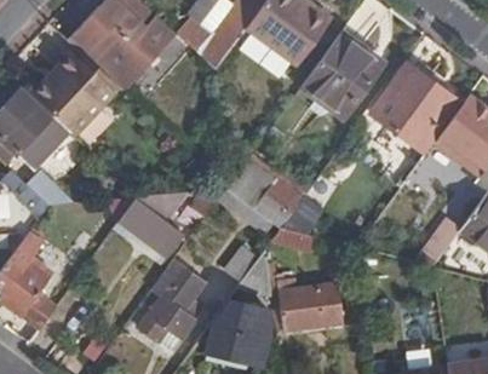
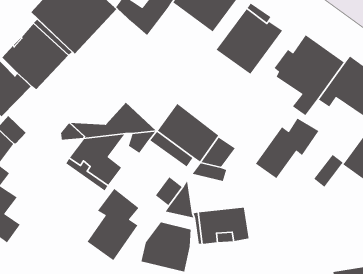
building: none -> [255,118,320,179]

